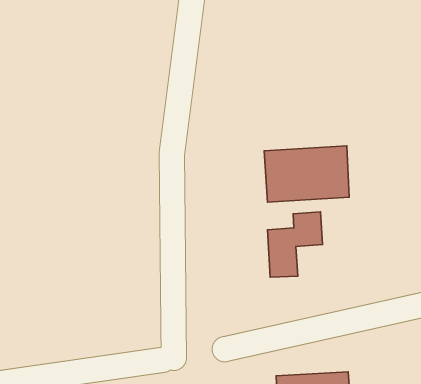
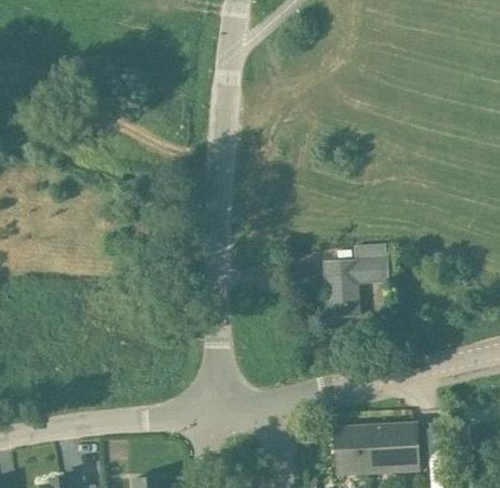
building: [264,146,349,202] -> none

